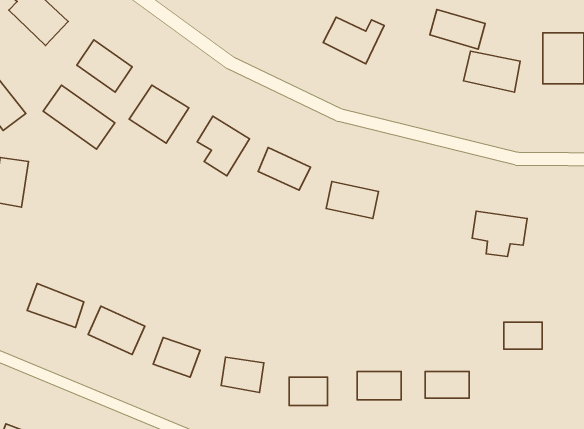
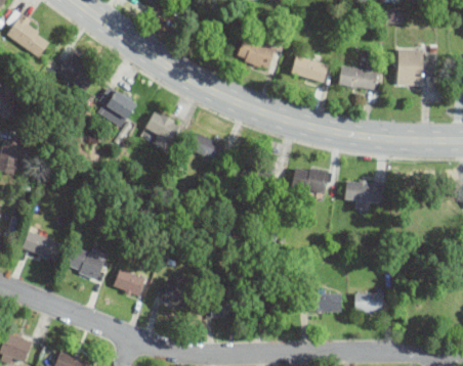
building: [430,9,485,49] -> [290,55,330,84]
building: [43,85,115,149] -> none
building: none -> [290,165,330,195]
building: [504,322,542,349] -> [354,292,382,312]

